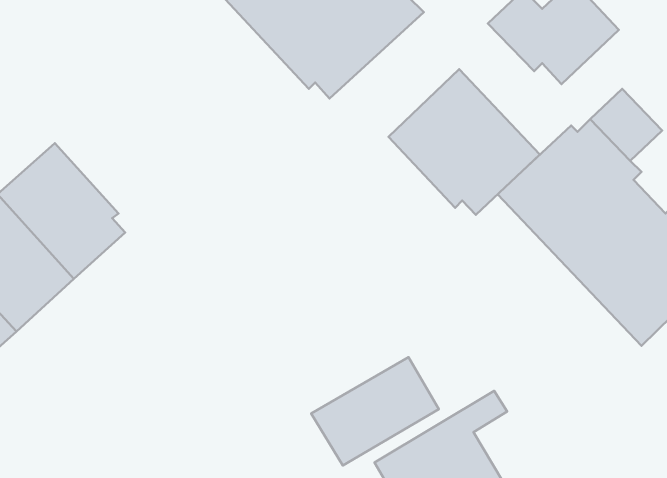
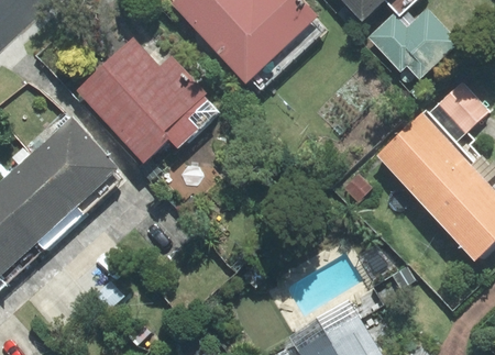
building: none -> [75,37,215,160]
building: [388,69,540,215] -> none
building: [311,357,439,466] -> none

